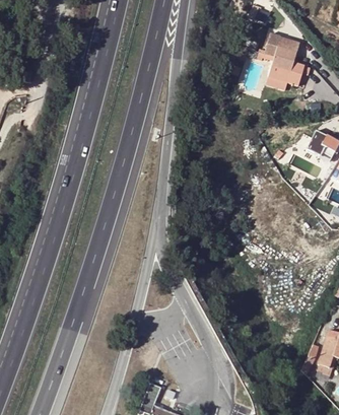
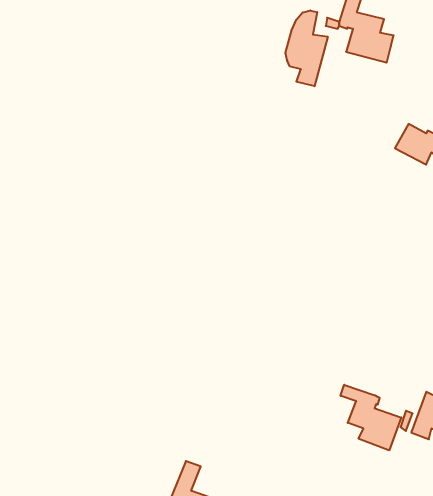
building: none -> [285,10,328,86]
building: none -> [341,385,401,450]

